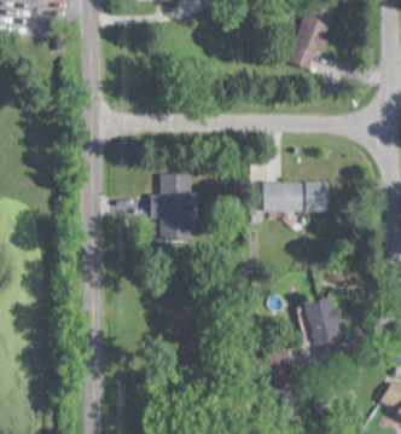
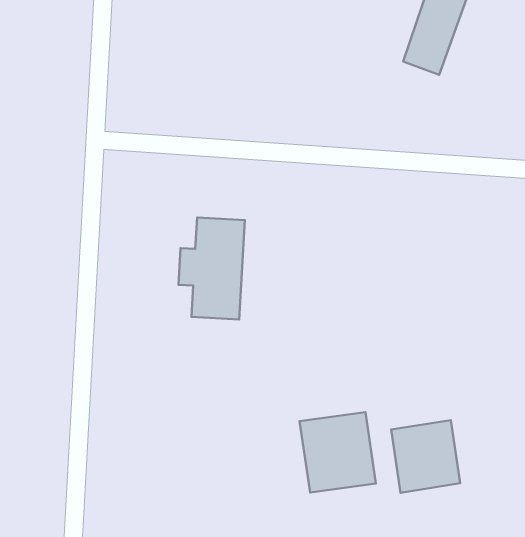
building: [263,180,327,210] -> none
building: none -> [300,412,376,492]

